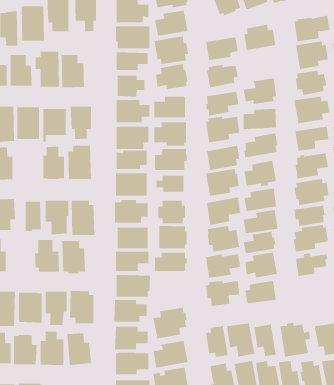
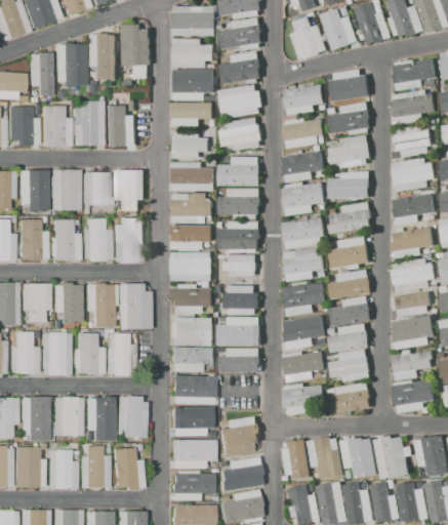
building: none -> [328,100,370,134]
building: none -> [48,219,79,261]
building: none -> [41,333,70,377]
building: none -> [393,379,435,412]

